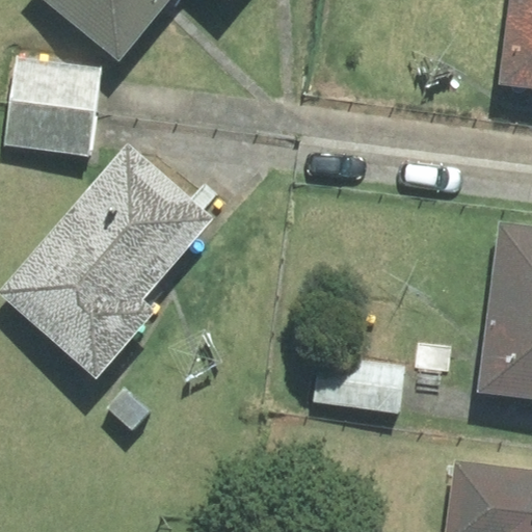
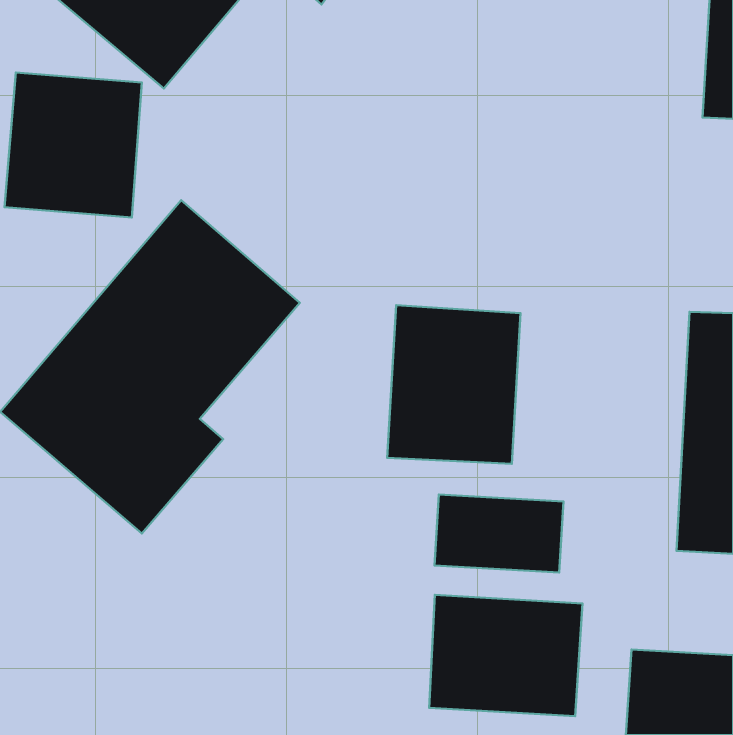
building: none -> [387,305,521,464]
building: none -> [429,595,582,716]

